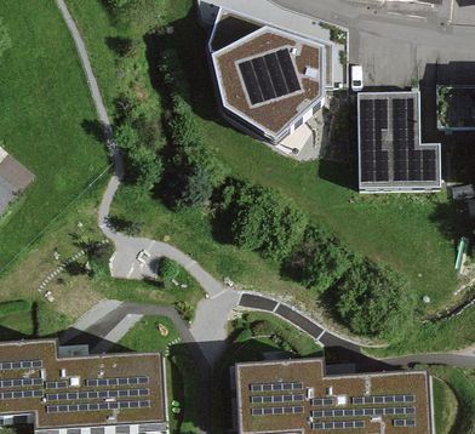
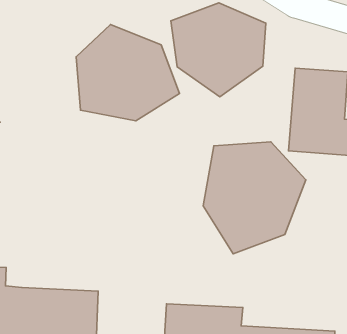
building: none -> [76,24,179,121]
building: none -> [203,142,306,254]

